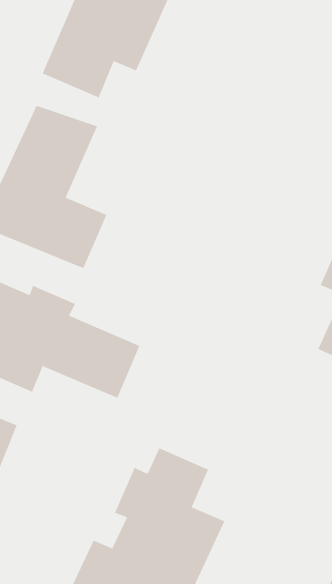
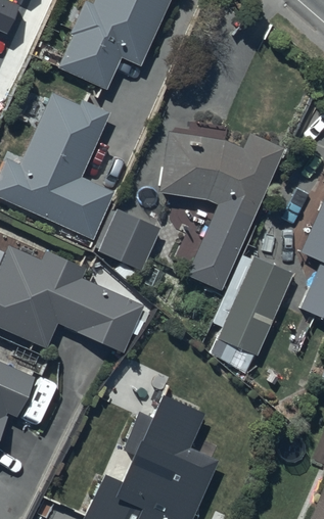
building: none -> [159,132,285,290]
building: none -> [97,210,159,273]
building: none -> [219,255,293,353]

